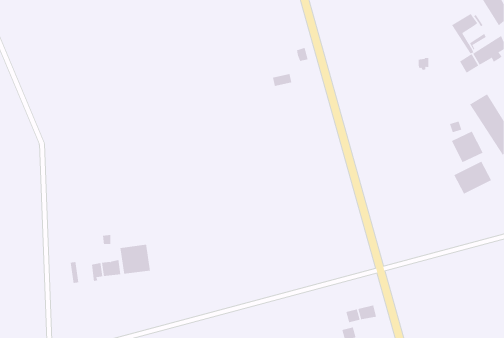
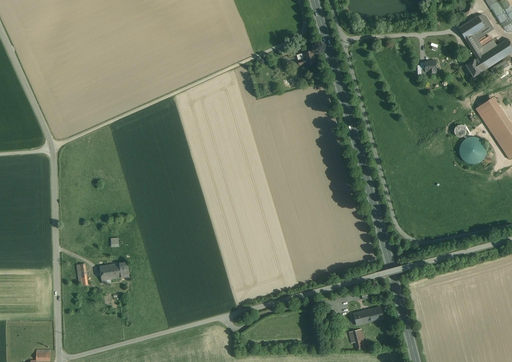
building: [453,161,492,194] -> none
building: [120,244,151,275] -> none

